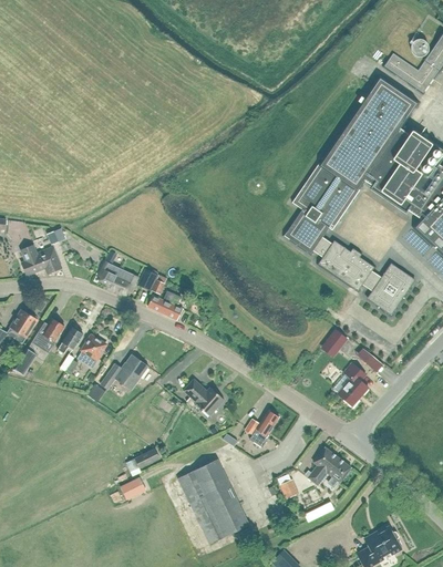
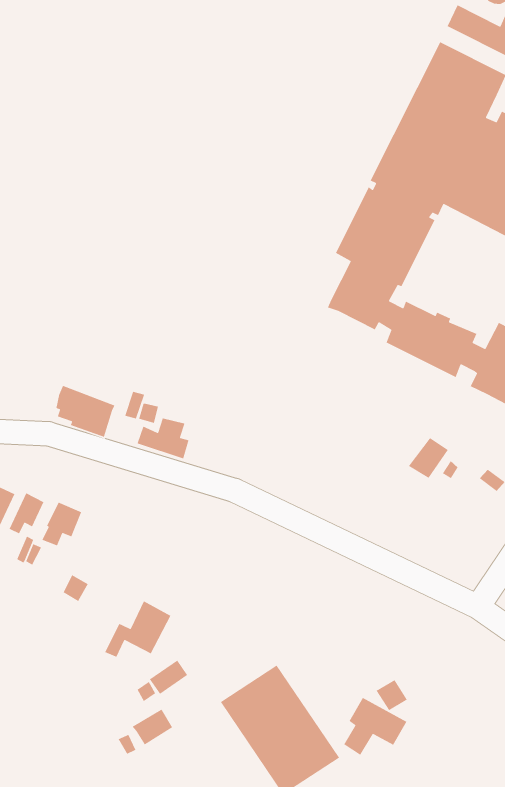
building: [101,354,147,390] -> [104,600,171,658]
building: [332,362,365,404] -> none
building: [183,378,223,415] -> none
building: [245,411,278,447] -> none
building: [308,449,351,486] -> [343,697,407,756]

